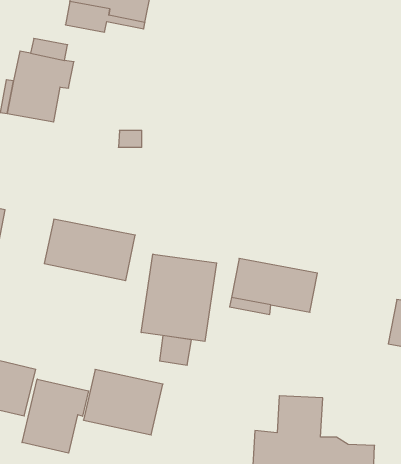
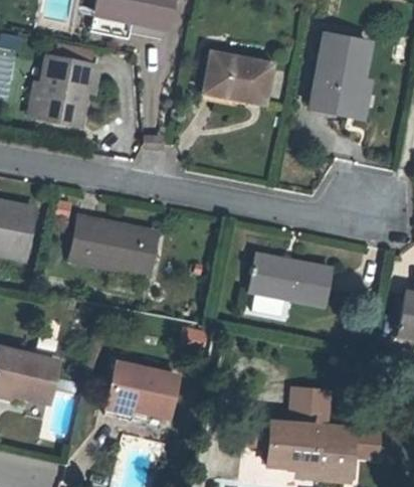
building: none -> [310,34,370,118]
building: none -> [202,51,272,105]
building: [141,254,217,341] -> none
building: [22,379,89,453] -> none

